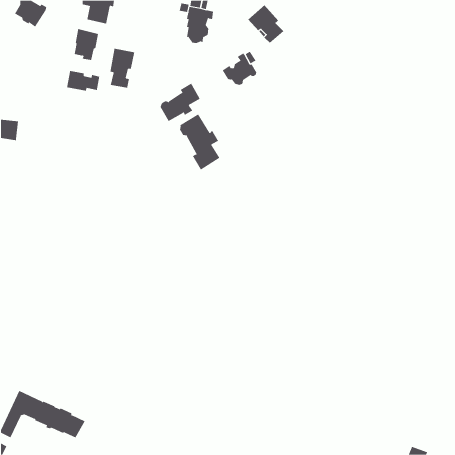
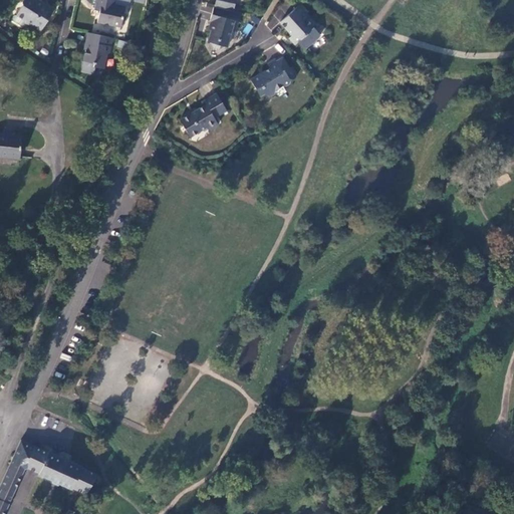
building: [110,48,135,88] -> none
building: [67,70,100,91] -> none
building: [180,114,220,170] -> none

